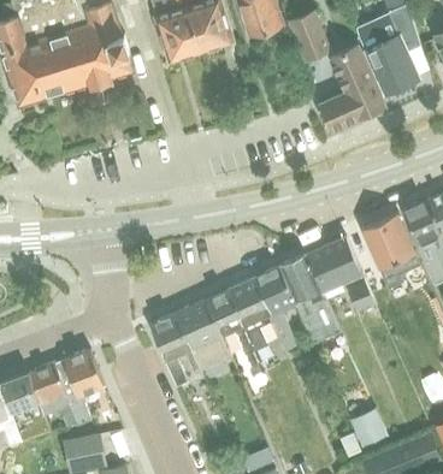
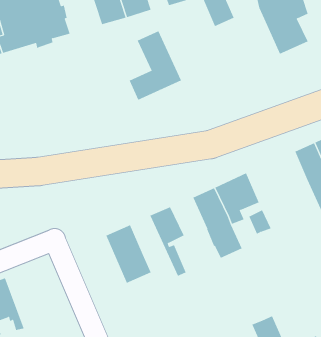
building: [320,46,384,130] -> [129,30,182,100]
building: [361,214,420,289] -> none
building: [253,267,296,349] -> none
building: [205,289,261,367] -> none
building: [148,313,199,386] -> none
building: [54,350,102,425] -> none

